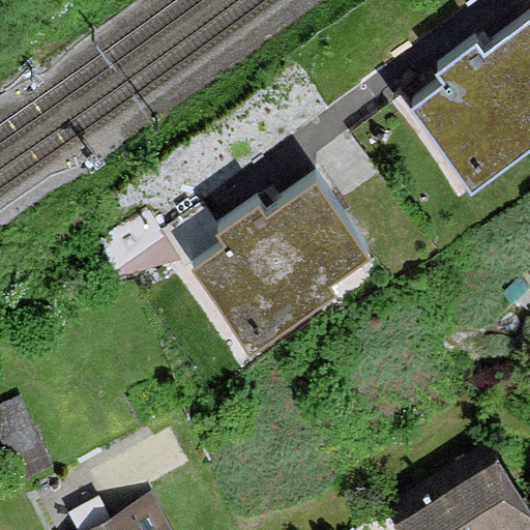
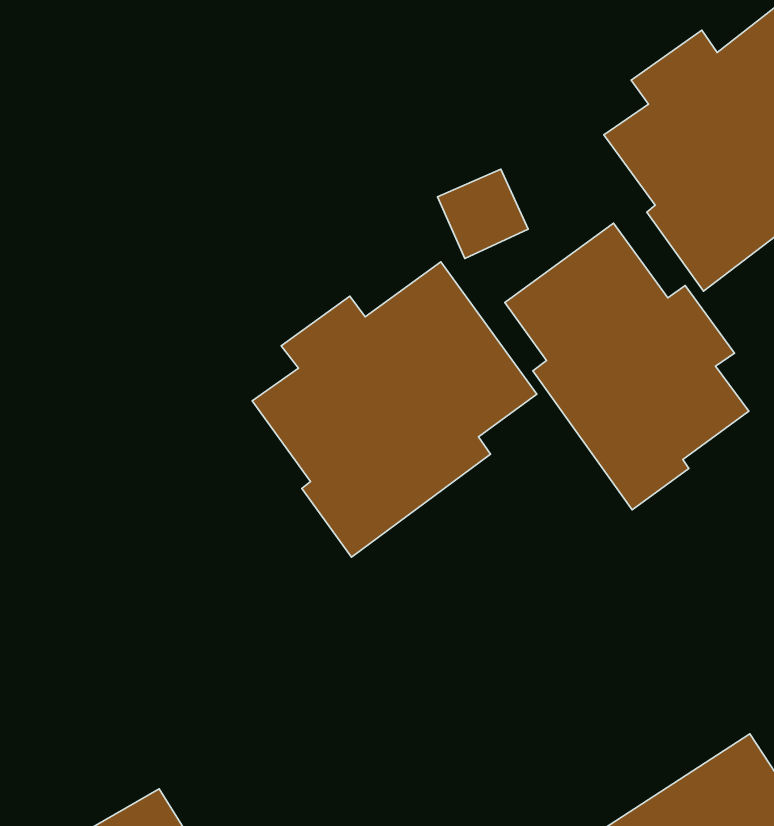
building: none -> [505,223,749,510]

